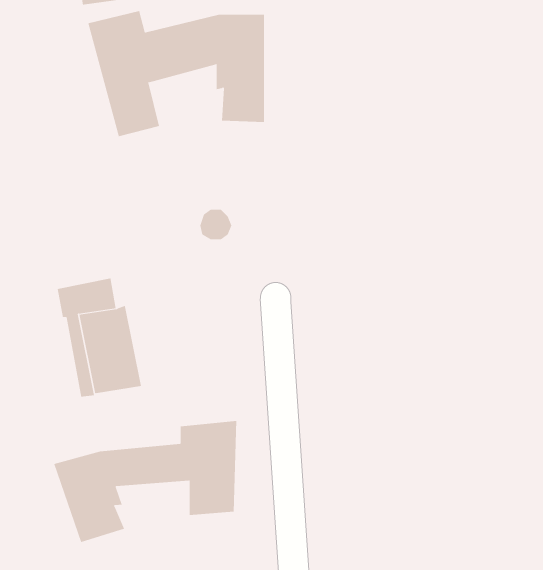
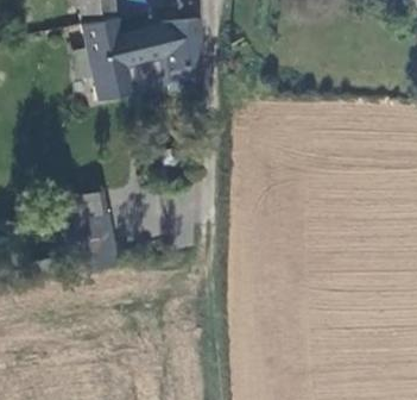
building: [54,420,237,543] -> none

